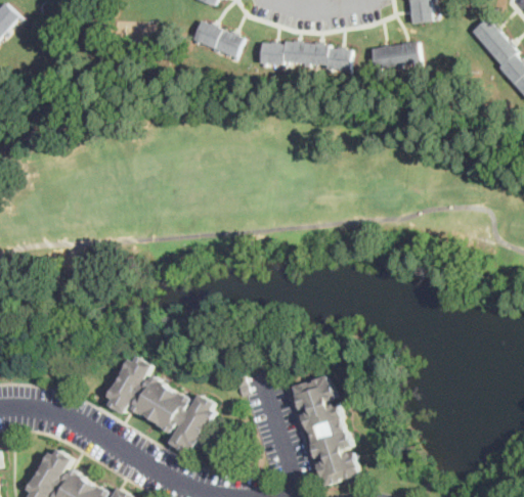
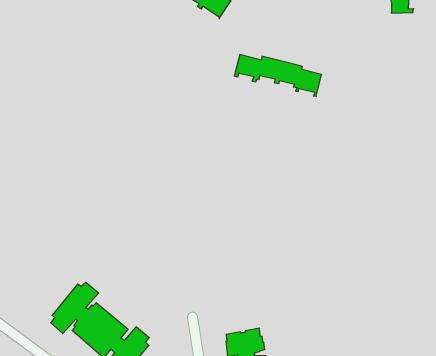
building: [257,41,348,74] -> [234,55,322,96]
building: [368,42,418,72] -> none

